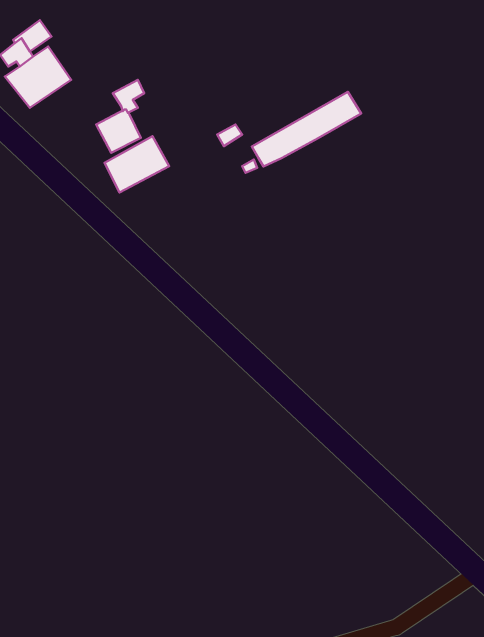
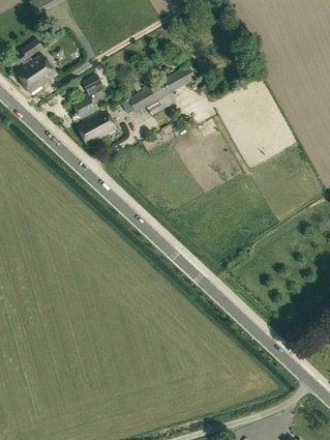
building: [252,92,361,167] -> [128,65,197,112]

